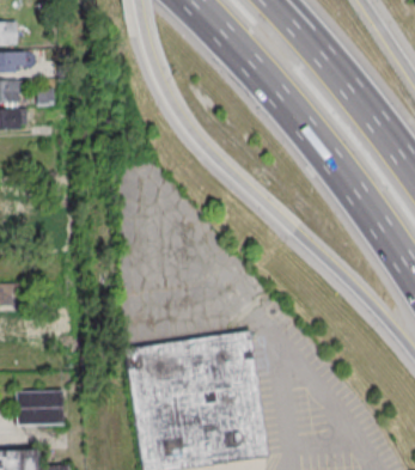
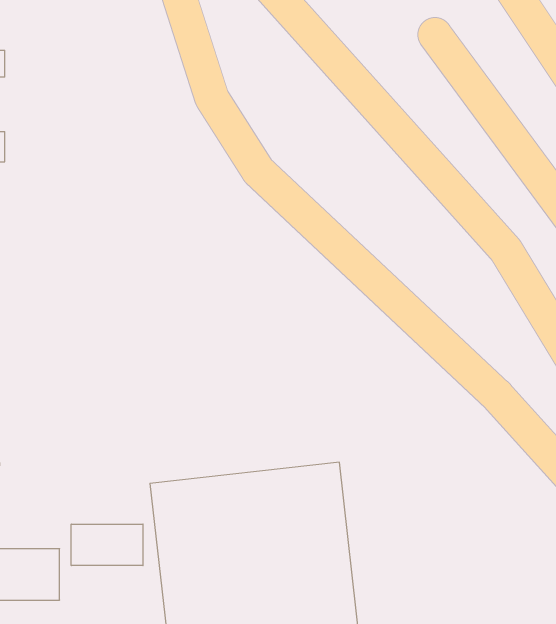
building: none -> [71,524,143,566]

